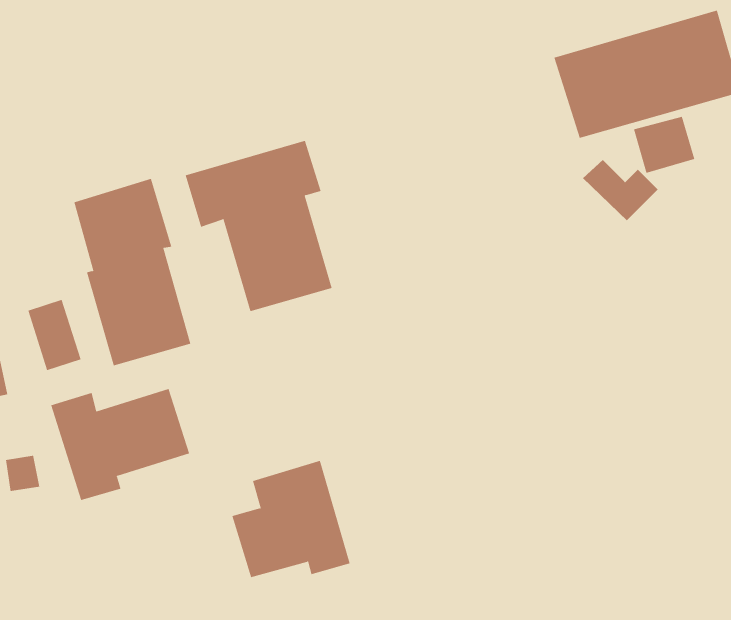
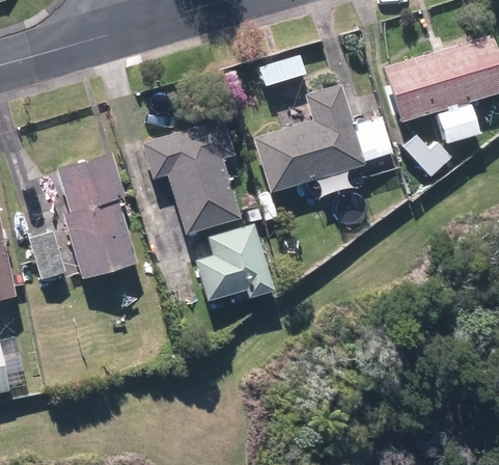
building: none -> [251,87,390,194]
building: [51,388,190,501] -> none
building: [231,460,351,578] -> [192,224,270,301]

